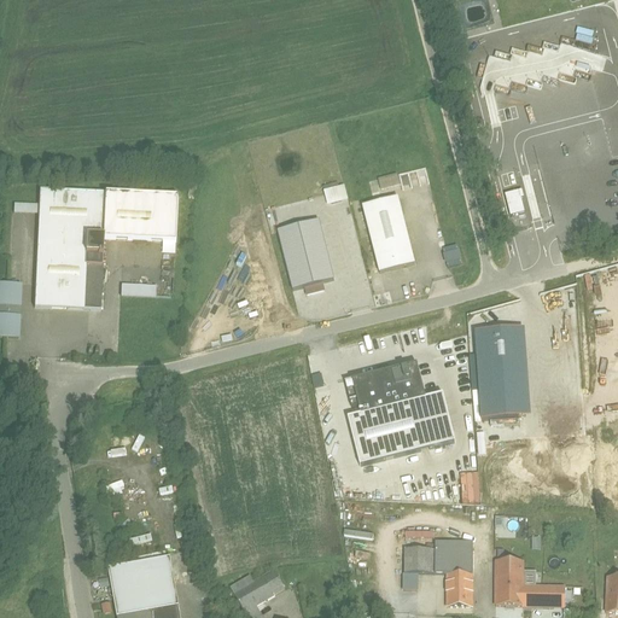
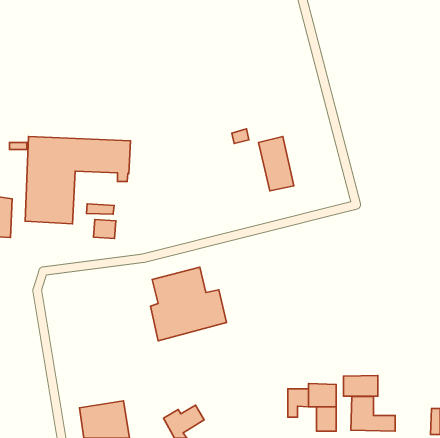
building: [275,214,330,290] -> none
building: none -> [94,220,116,238]
building: [476,325,531,415] -> none
building: [349,360,455,462] -> [150,267,227,341]
building: none -> [344,376,378,396]

